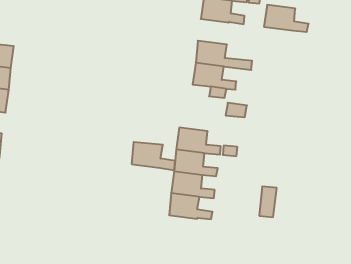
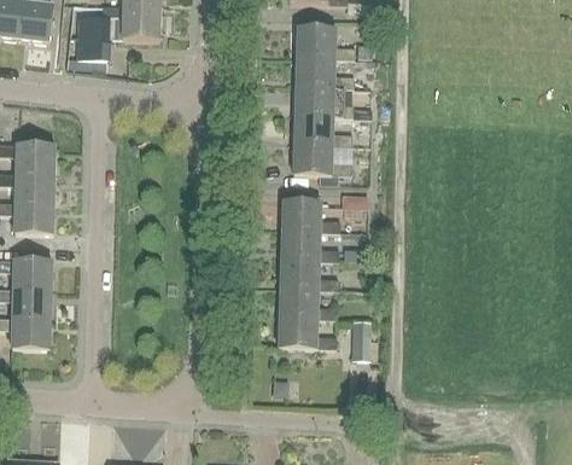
building: [264,5,309,32] -> [294,86,352,116]
building: [132,142,175,170] -> [281,202,338,233]
building: [259,187,277,217] -> [352,318,372,356]

